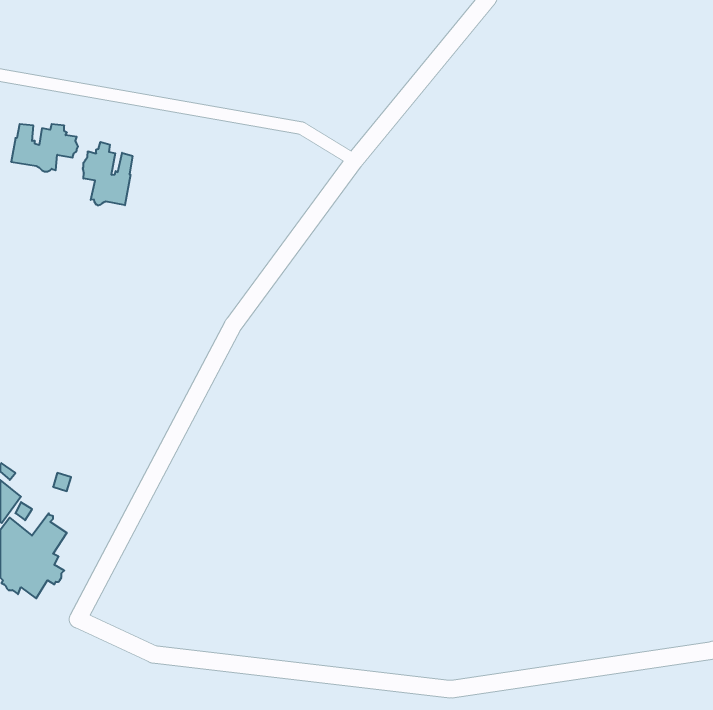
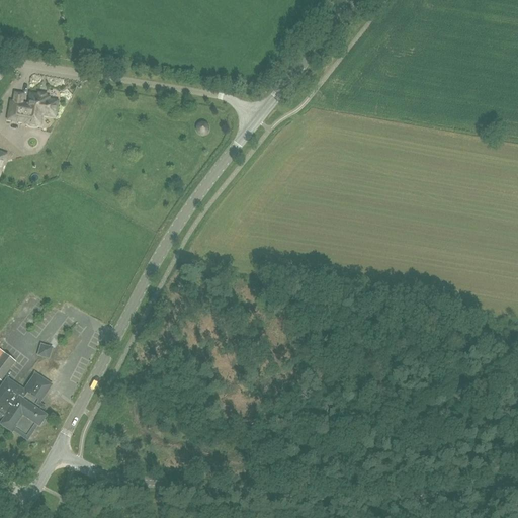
building: [83,142,132,206] -> none

